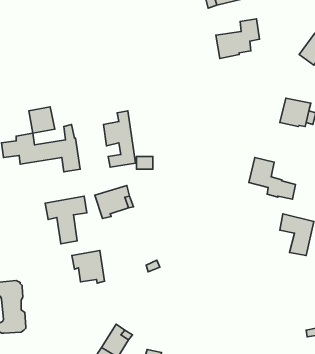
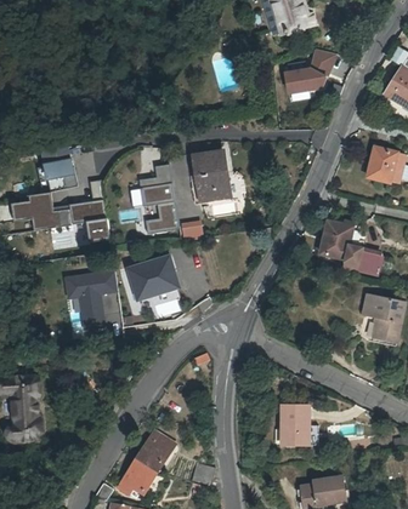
building: none -> [191,150,227,200]
building: [72,250,105,283] -> none
building: none -> [279,406,308,447]

